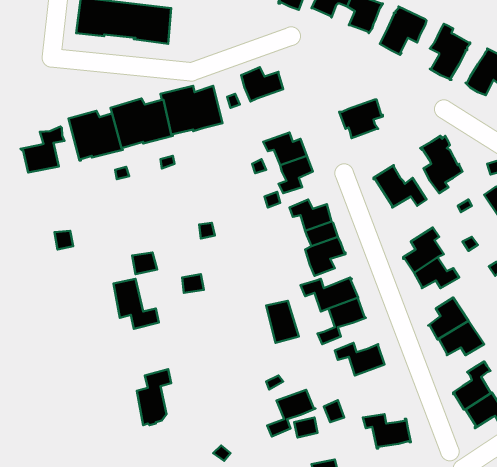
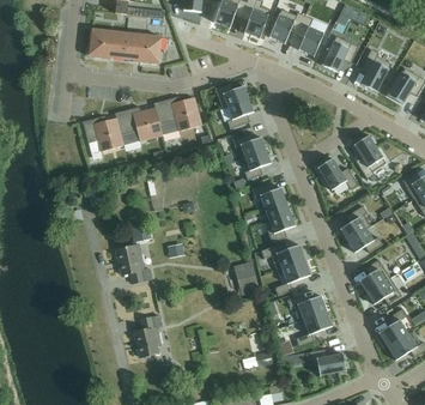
building: [339,99,383,138] -> [220,98,254,128]
building: [21,126,64,173] -> none
building: [267,390,315,436] -> [296,310,333,346]

